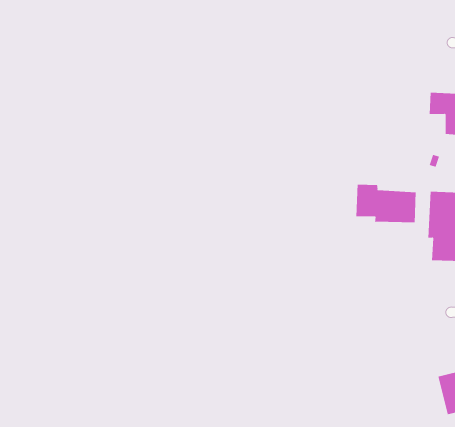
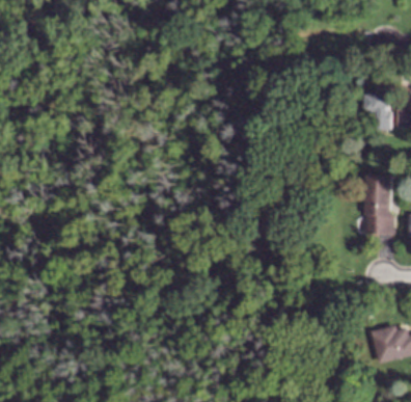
building: [356,184,416,223] -> none

